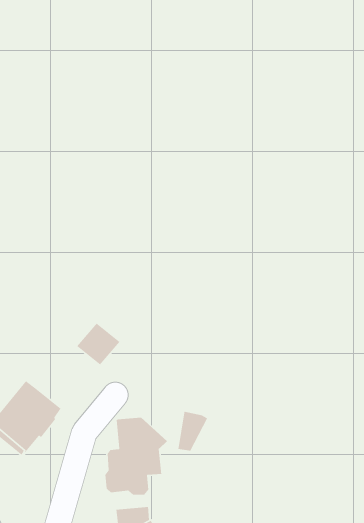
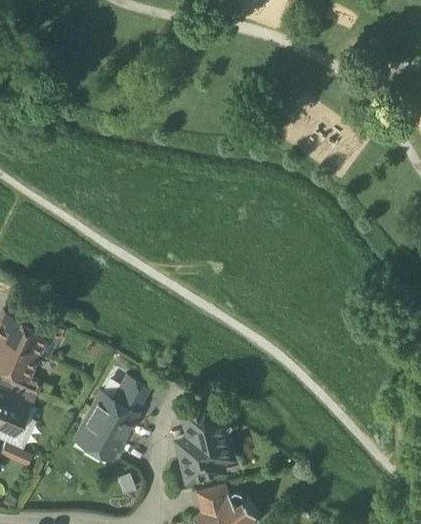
building: [76,322,120,365] -> [113,376,151,412]
building: [177,411,208,452] -> none

